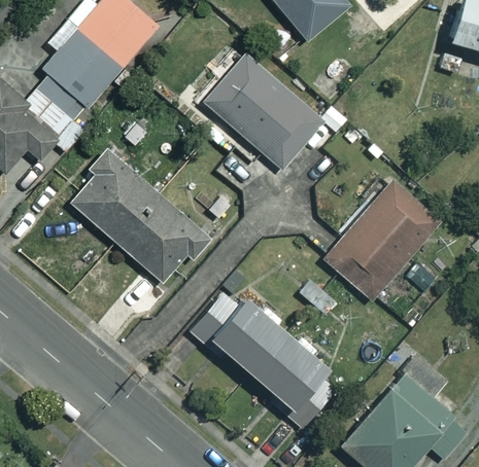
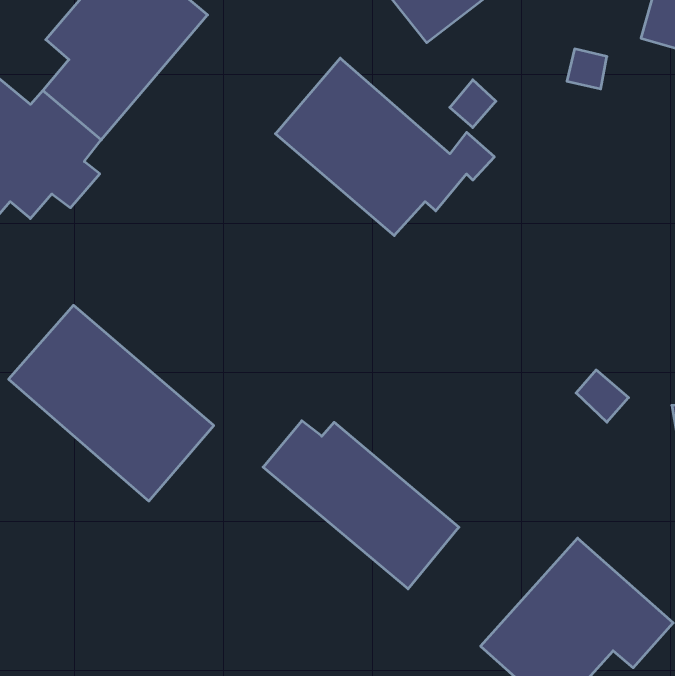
building: [68,152,205,283] -> [9,305,214,501]
building: [324,181,441,301] -> none

